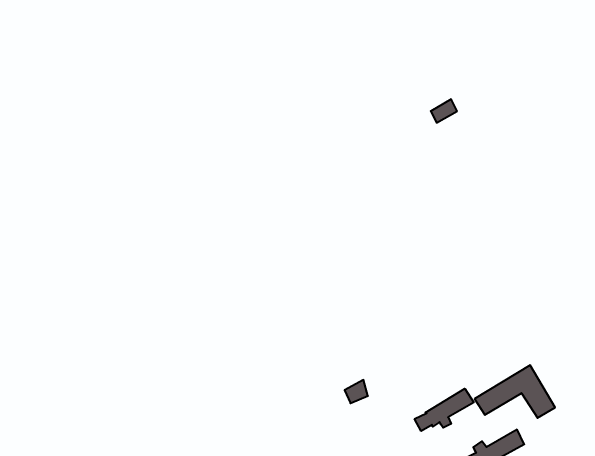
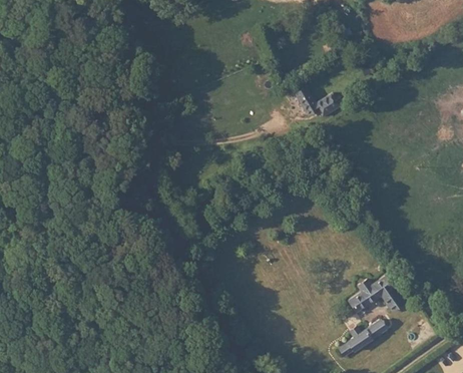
building: [415,389,474,431] -> none

